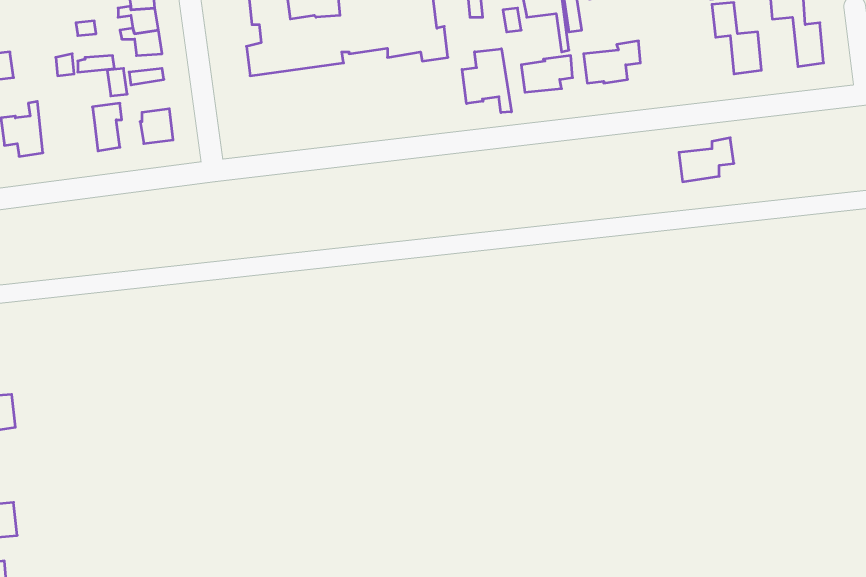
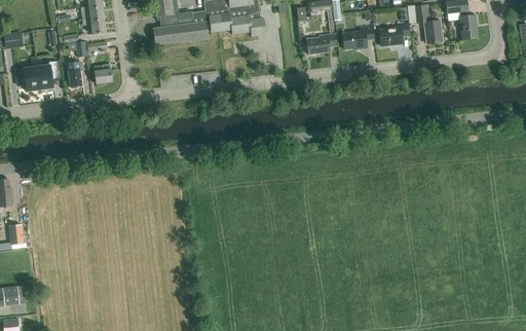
building: [462,49,511,113] -> none
building: none -> [36,60,60,88]
building: [679,138,734,182] -> [379,22,410,46]

